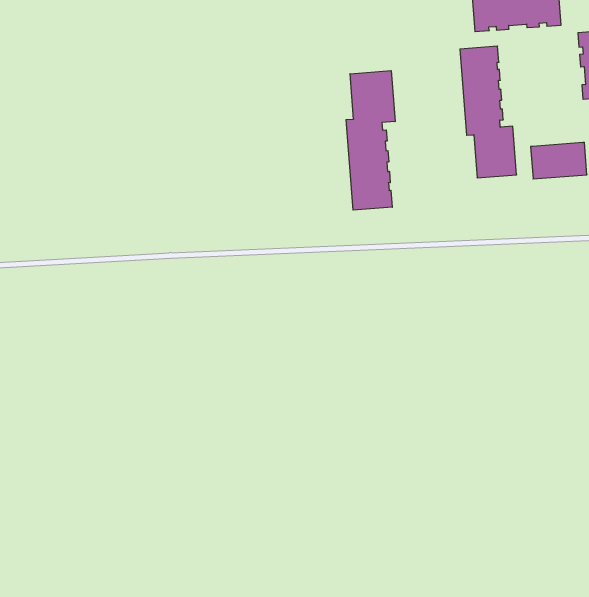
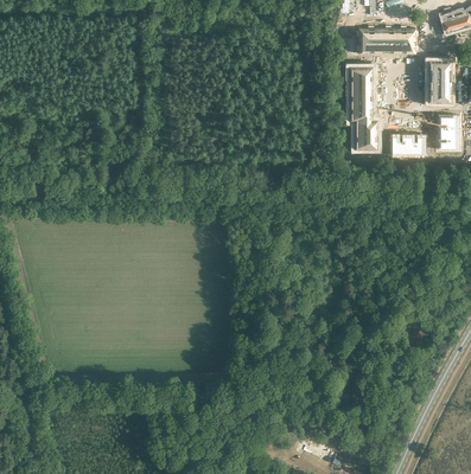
building: [346,71,395,210] -> none

